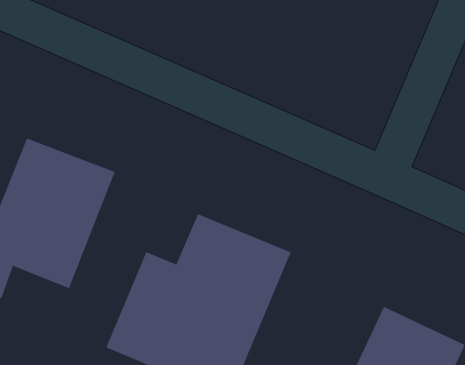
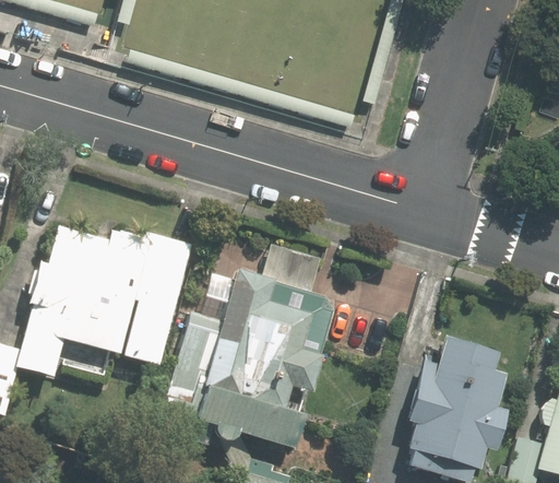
building: none -> [119,234,189,366]

